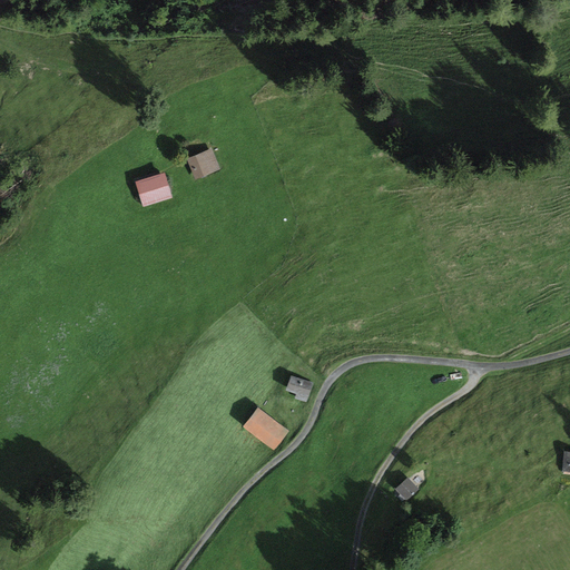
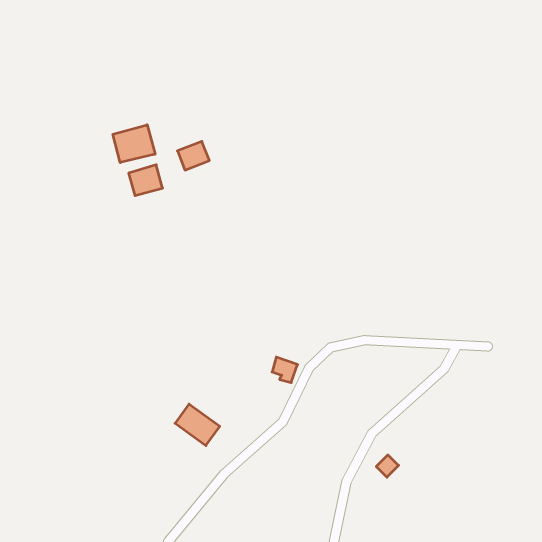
building: none -> [113,125,155,163]
building: [242,406,288,450] -> [175,404,220,446]

